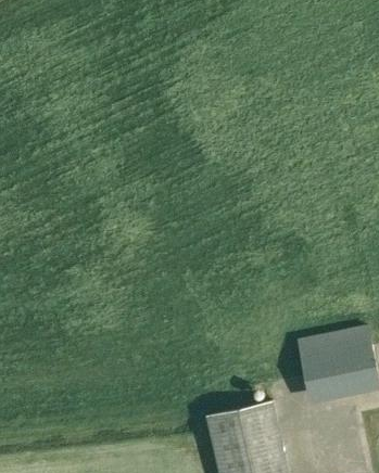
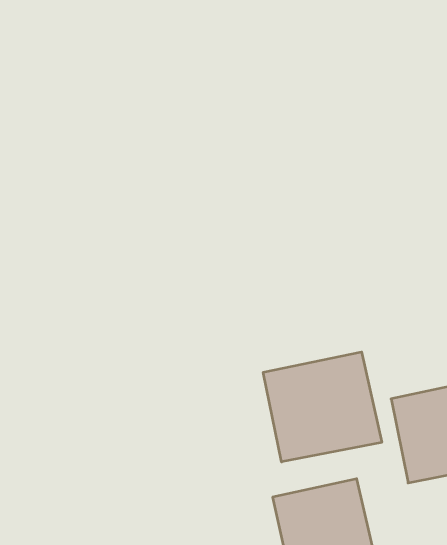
building: none -> [263,352,382,462]

